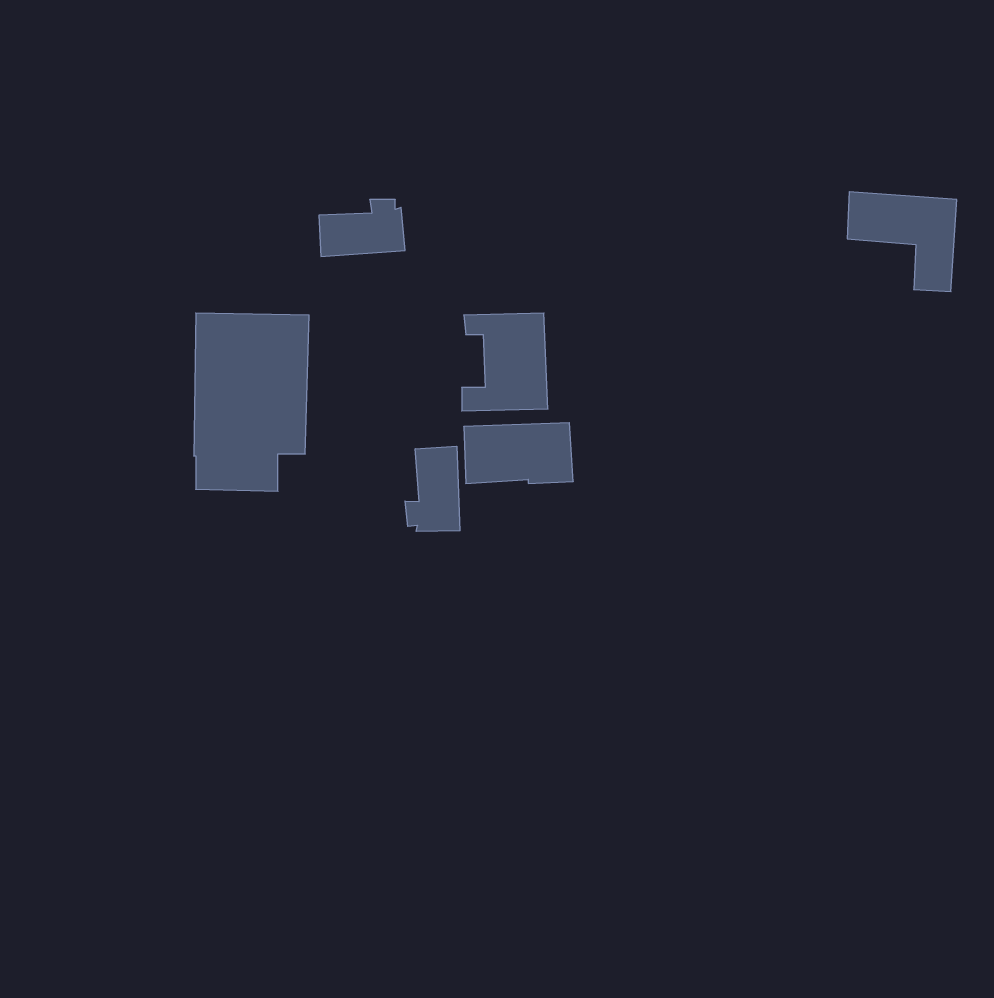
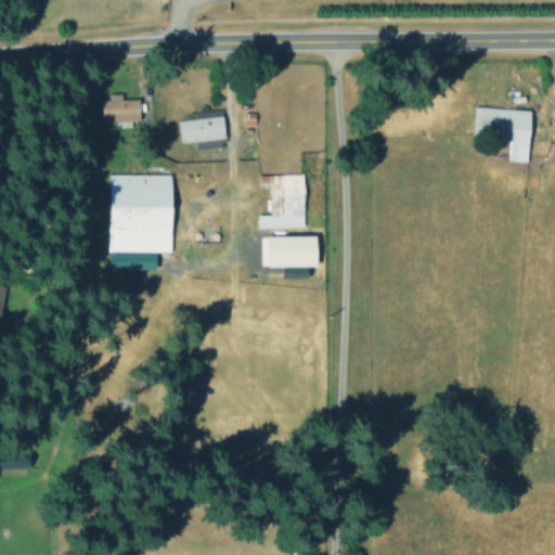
building: none -> [105,94,143,122]
building: [405,446,460,531] -> none

